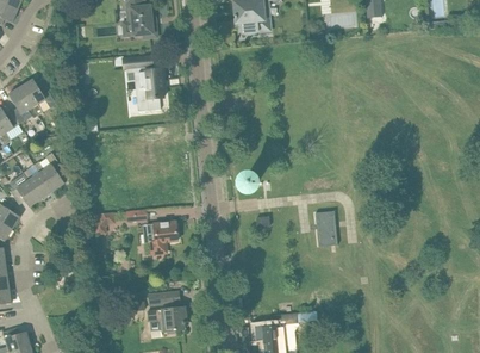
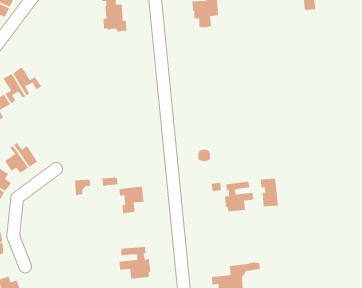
building: [124,56,164,111] -> none
building: [33,153,64,192] -> none
building: none -> [224,181,254,212]

